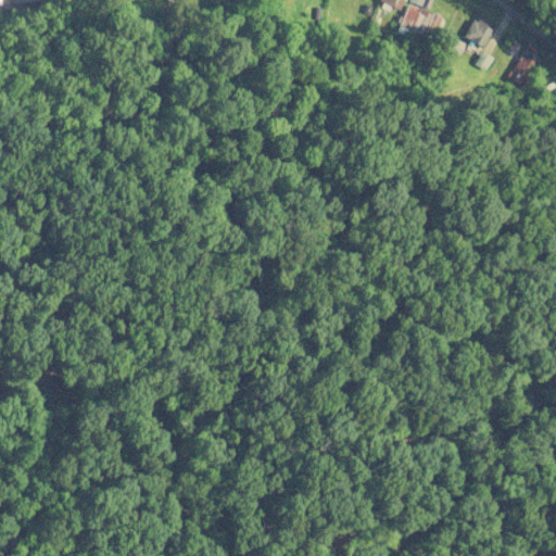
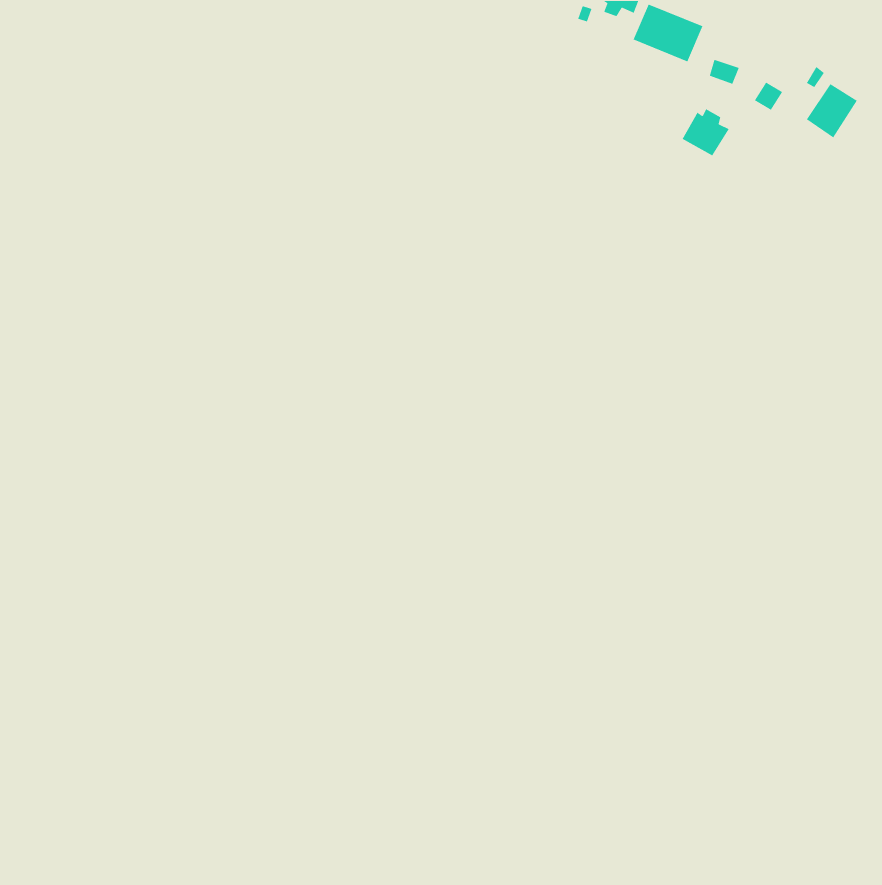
building: [464,16,494,47] -> [681,108,730,157]

